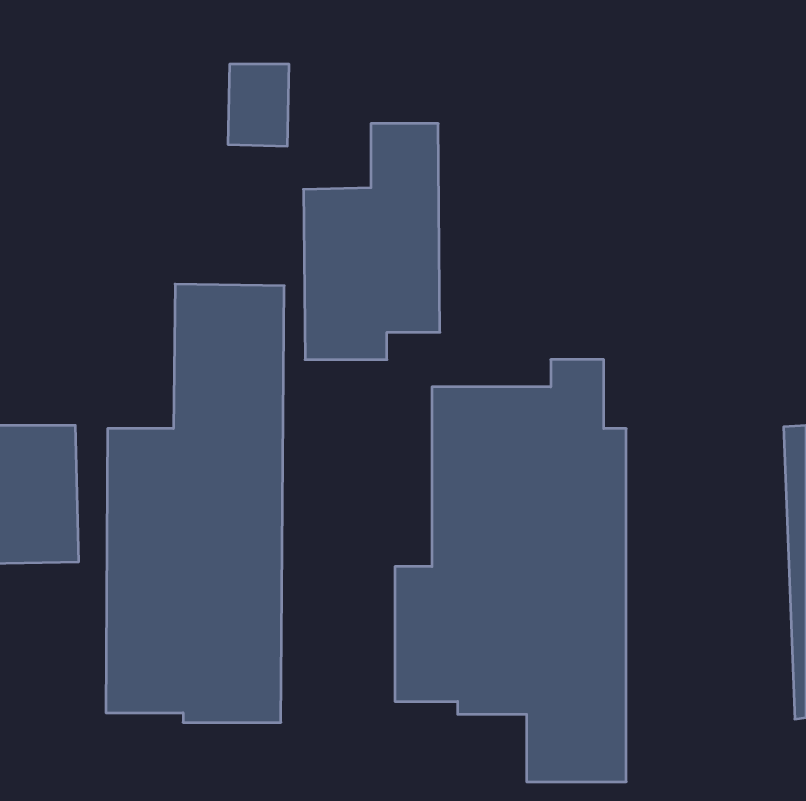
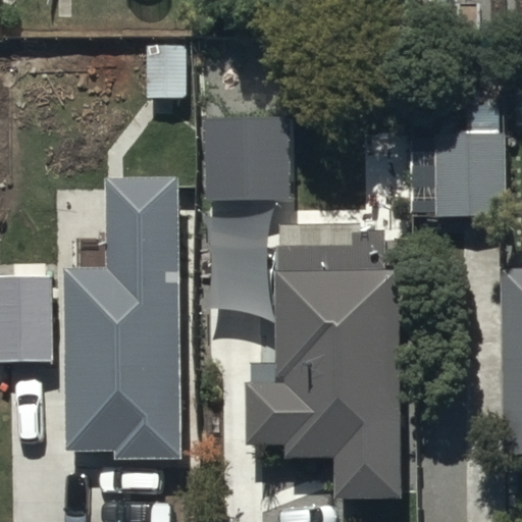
building: none -> [429,92,502,213]

